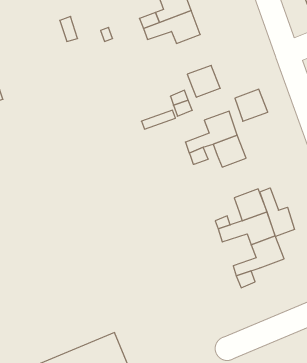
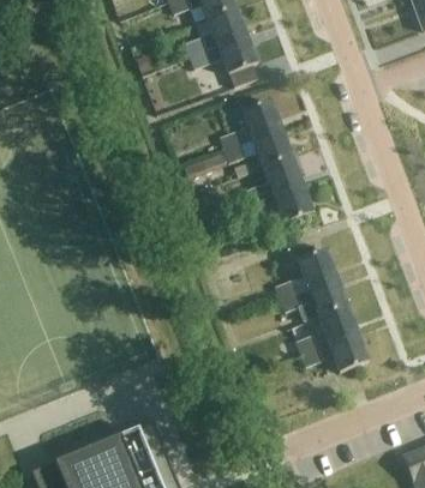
building: [235,89,268,121] -> [252,127,292,165]
building: [260,188,295,236] -> none
building: none -> [329,332,369,370]

